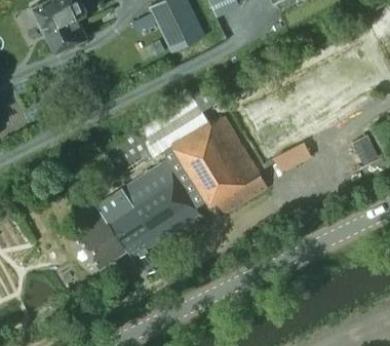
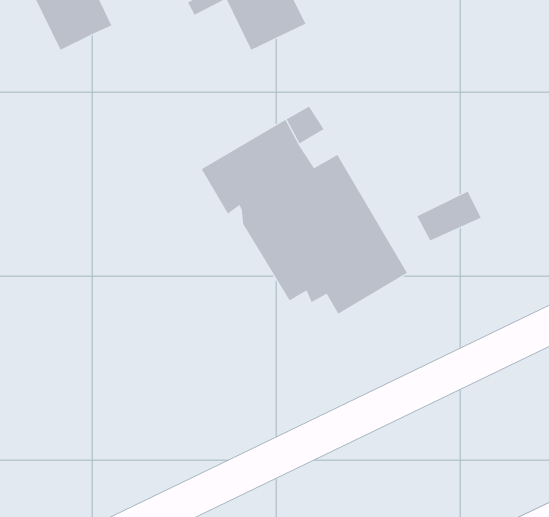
building: [78,164,200,273] -> none

